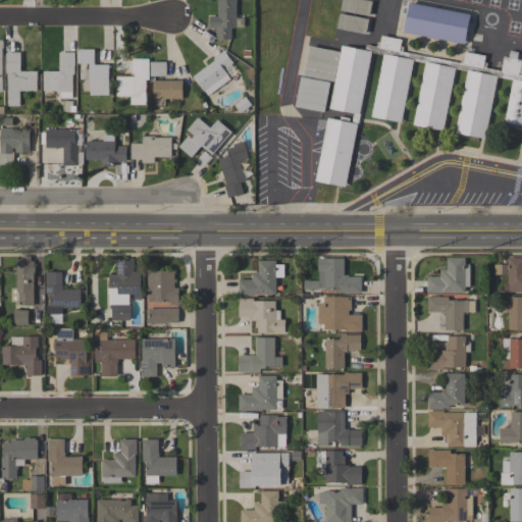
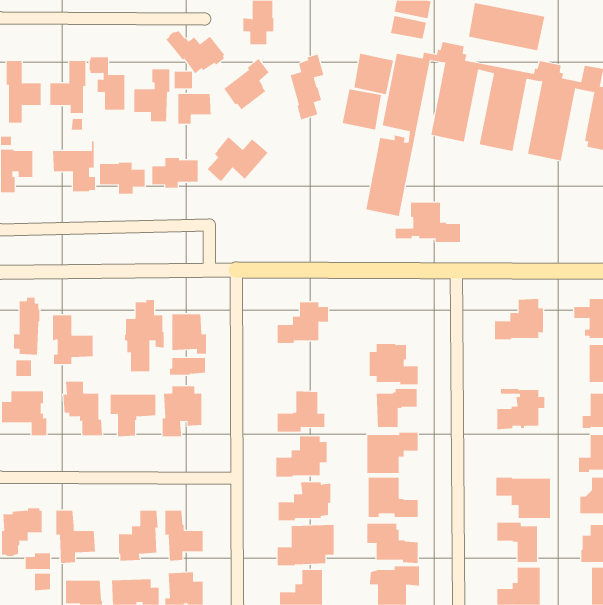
building: none -> [166,30,225,74]
building: [219,141,249,198] -> [290,54,324,120]
building: [305,258,362,293] -> [395,202,461,242]
building: [428,297,469,330] -> none
building: [239,299,285,332] -> none
building: [429,373,465,408] -> none

